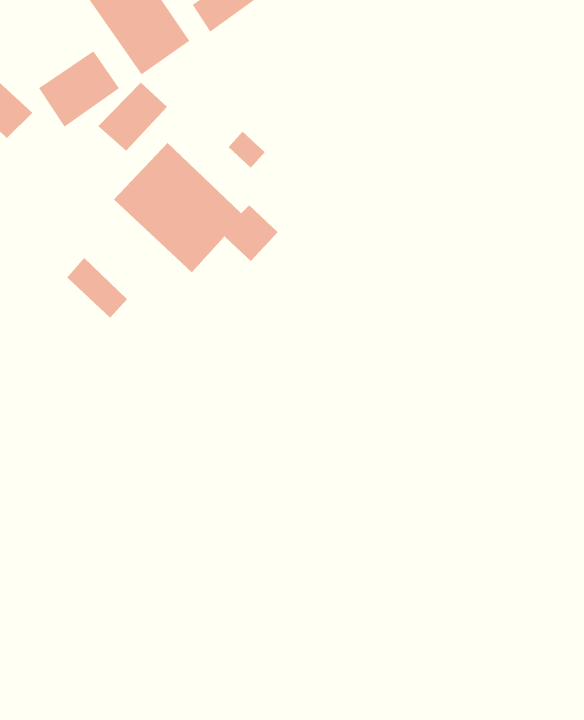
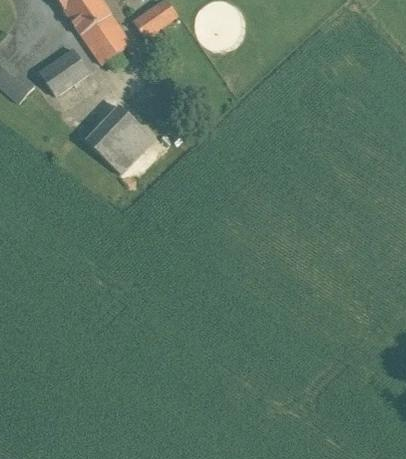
building: [97,82,168,151] -> none
building: [66,257,128,318] -> none

